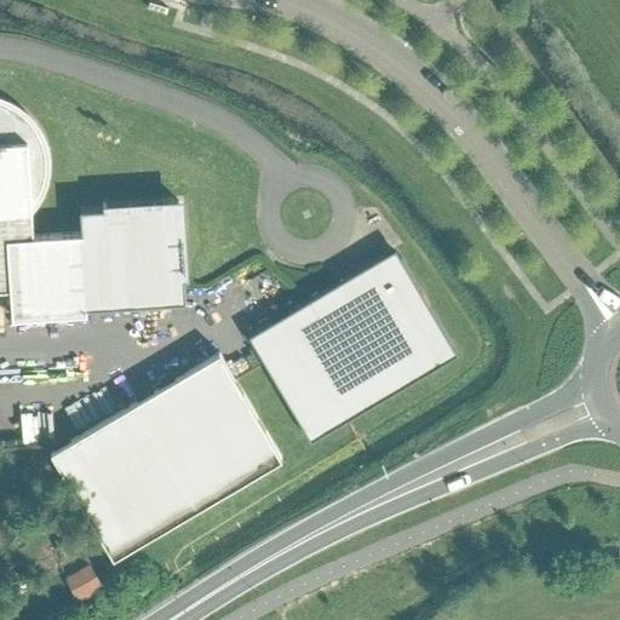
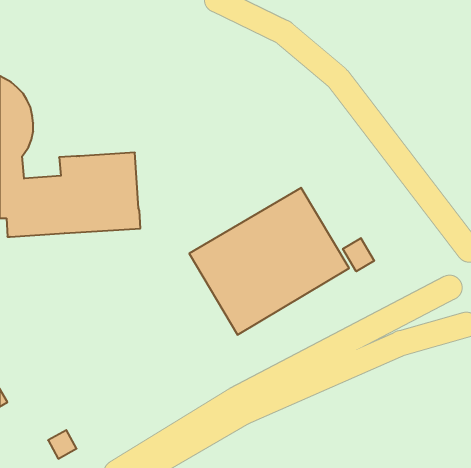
building: none -> [343,238,374,271]
building: [48,356,280,562] -> none

